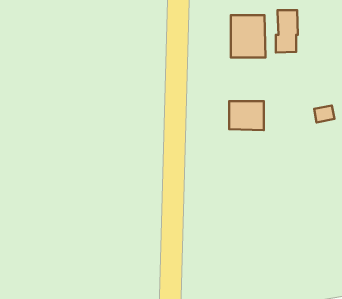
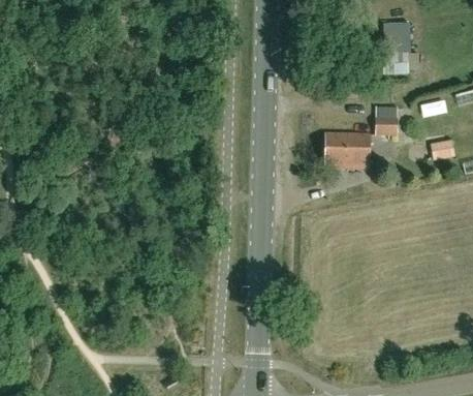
building: [231,15,265,58] -> none
building: none -> [374,106,397,134]

